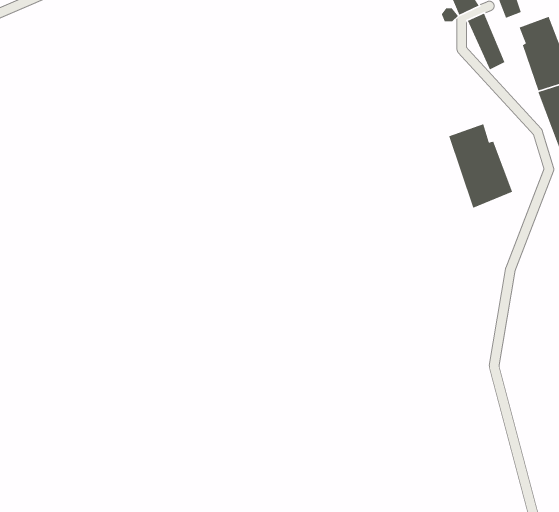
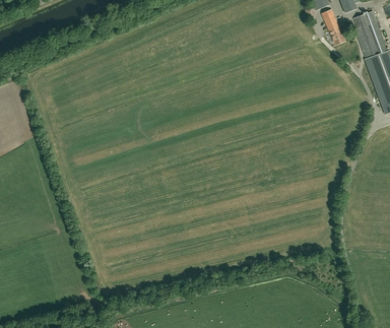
building: [448,123,513,208] -> none

